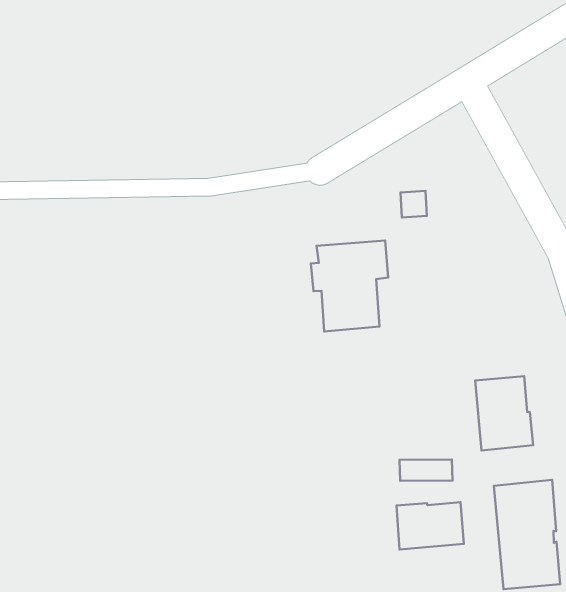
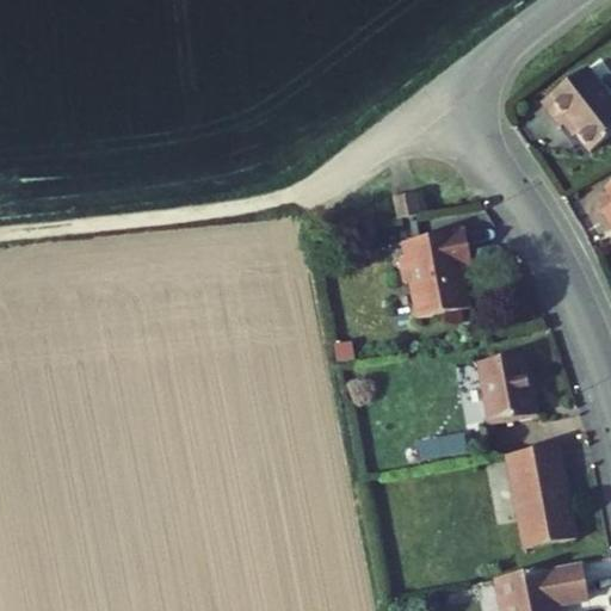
building: [311,241,388,332] -> [399,230,470,319]
building: [396,502,464,549] -> none

